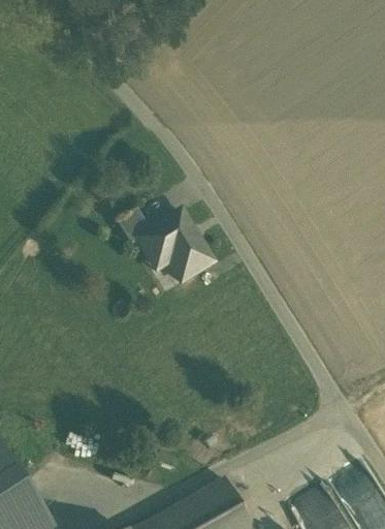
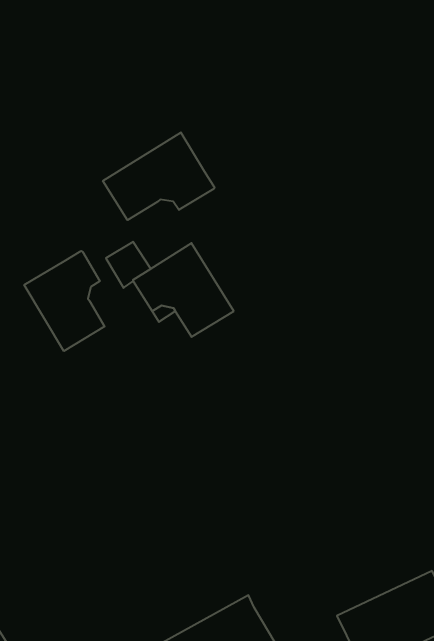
building: none -> [103,132,214,220]
building: none -> [24,251,105,351]

